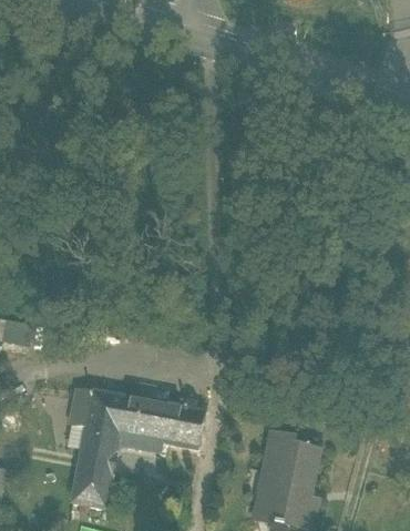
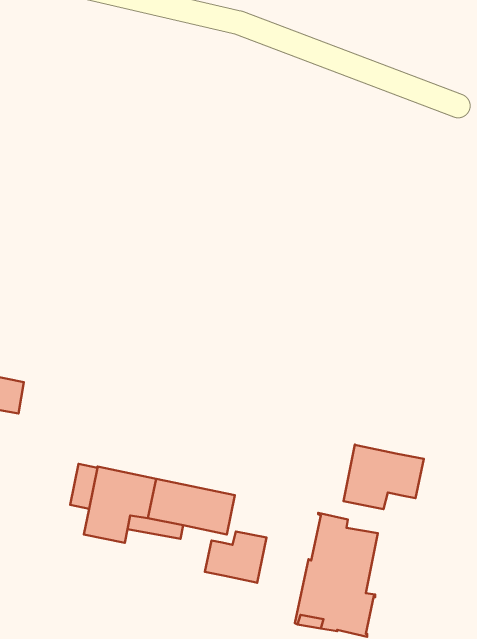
building: none -> [343,444,424,509]
building: none -> [205,531,266,583]
building: [70,446,114,507] -> none

